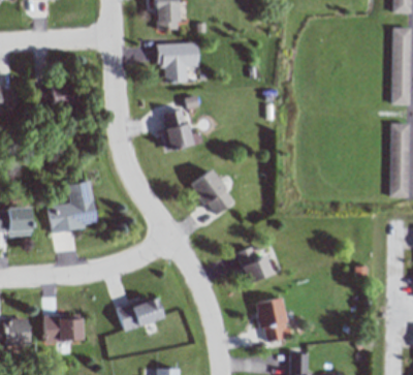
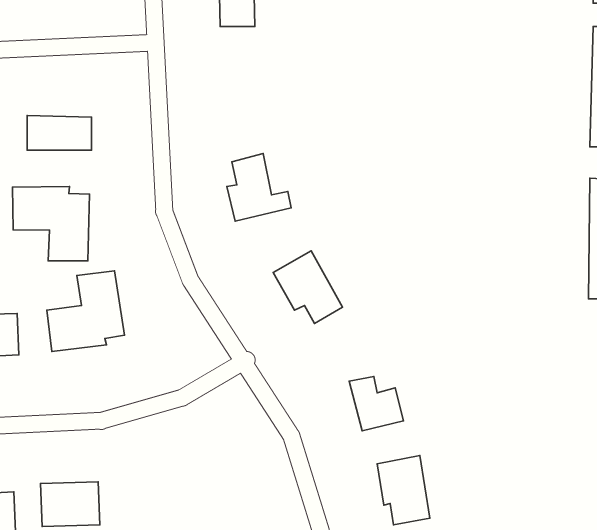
building: [159,42,200,82] -> none
building: none -> [13,187,90,261]
building: [118,296,163,330] -> none

